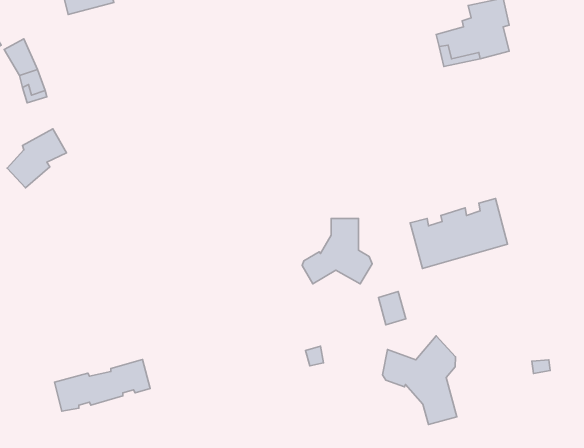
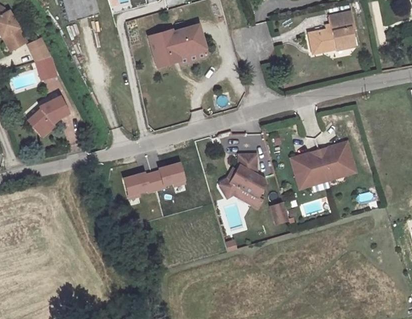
building: none -> [149,25,208,66]
building: [383,336,457,425] -> none
building: [54,359,150,411] -> [122,162,185,196]

